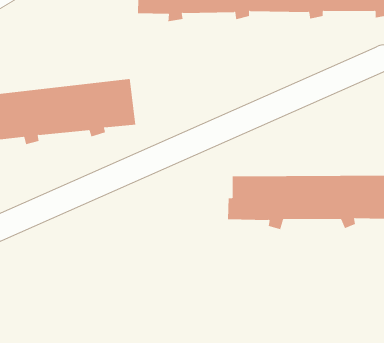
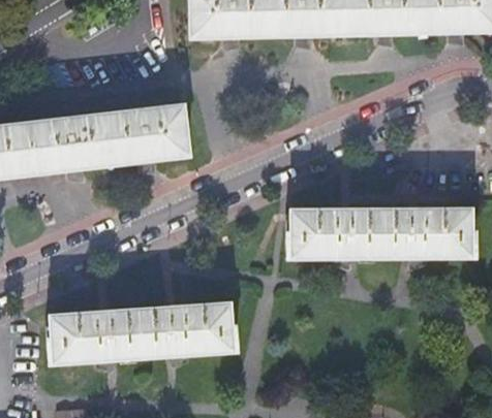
building: none -> [47,306,236,369]

